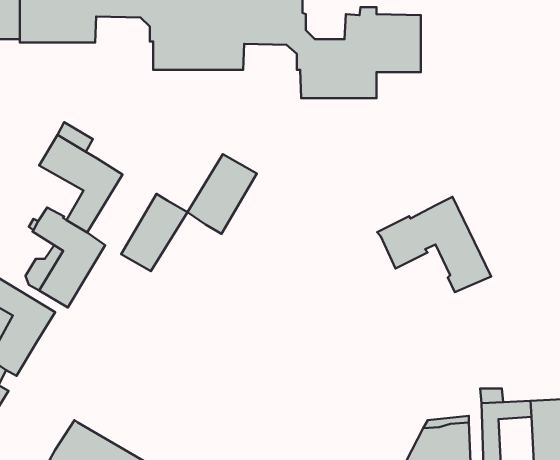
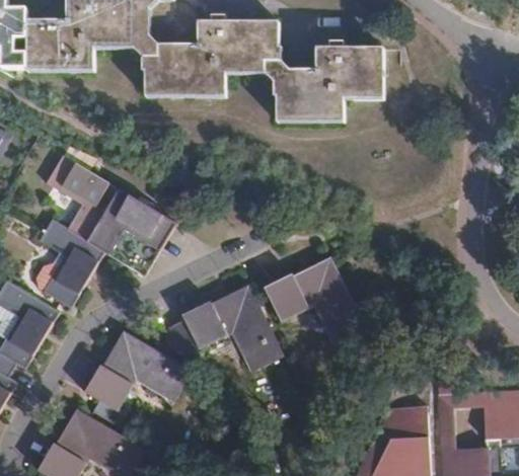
building: [187,154,257,234] -> [87,189,149,260]
building: [377,197,491,292] -> [264,256,365,341]
building: none -> [162,284,284,372]
building: none -> [84,330,192,410]

